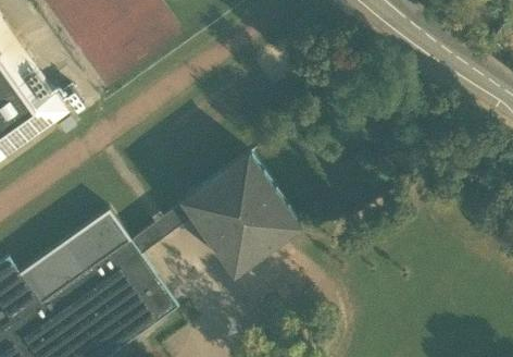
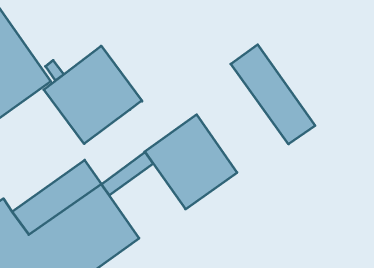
building: none -> [231,45,315,144]
building: none -> [44,46,142,144]

